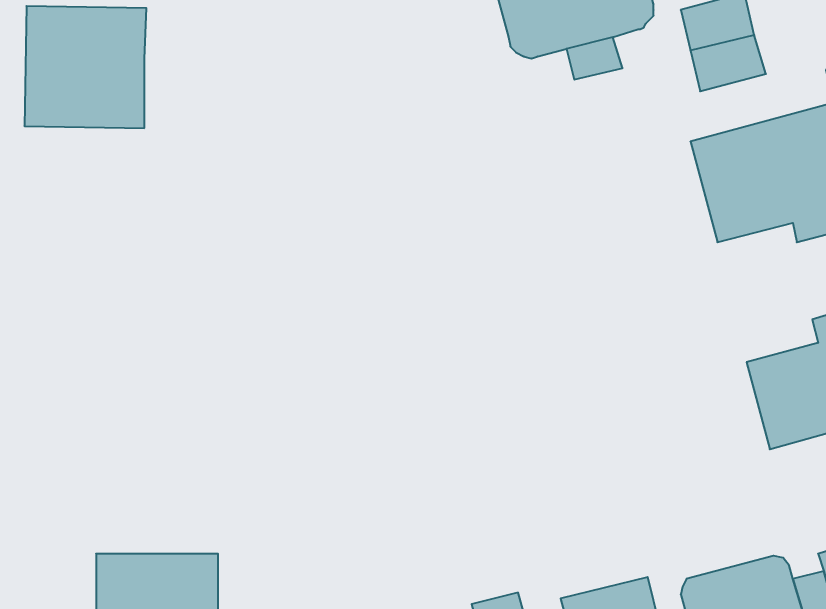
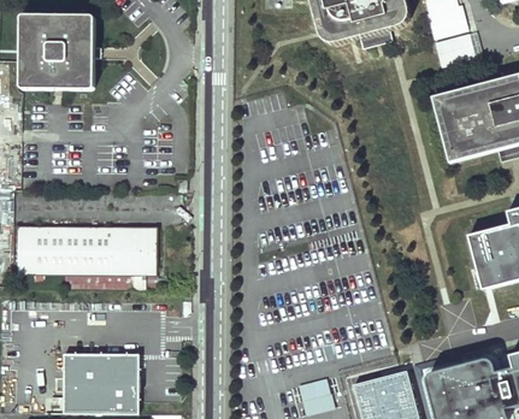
building: none -> [17,225,155,288]

